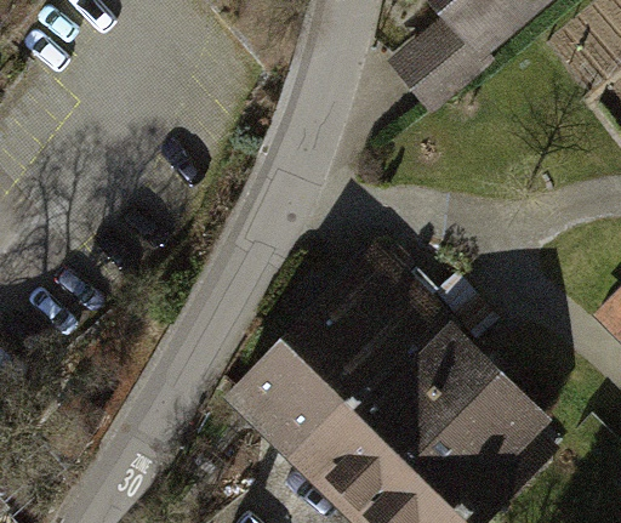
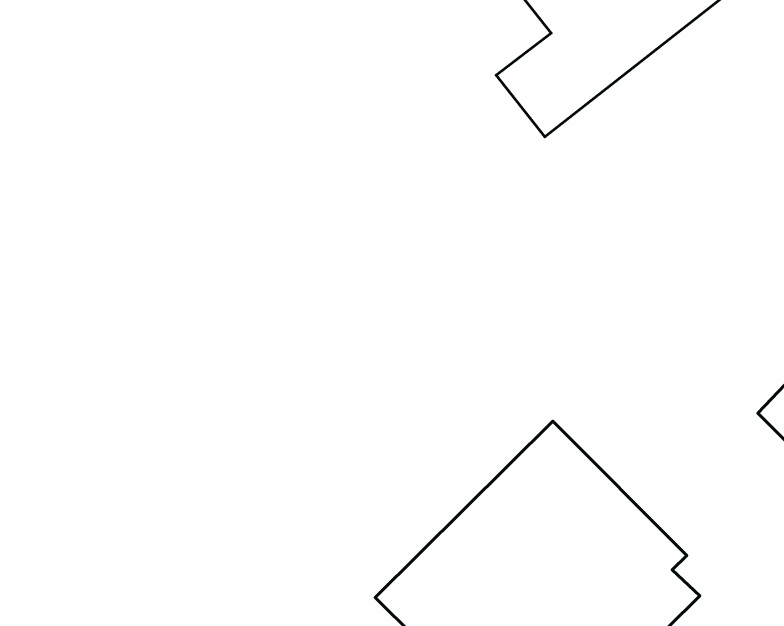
building: [227,246,429,450] -> none

